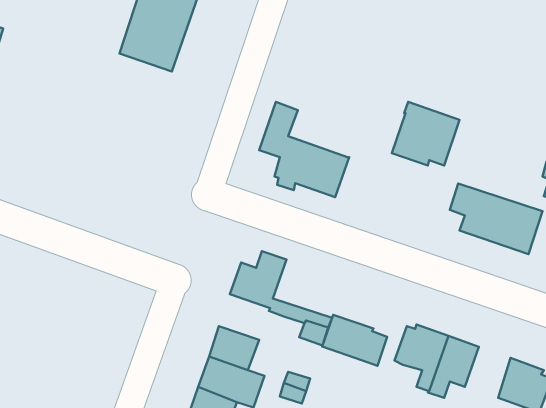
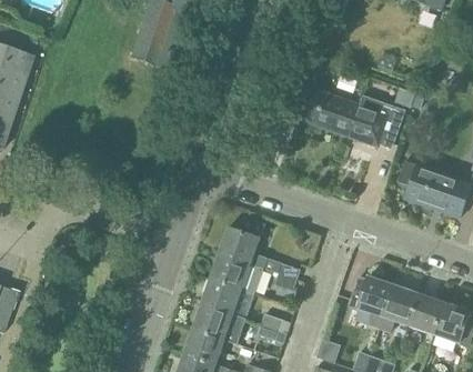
building: [259,102,349,197] -> [288,60,360,137]
building: [322,315,387,366] -> [210,250,262,291]
building: none -> [407,292,444,333]

